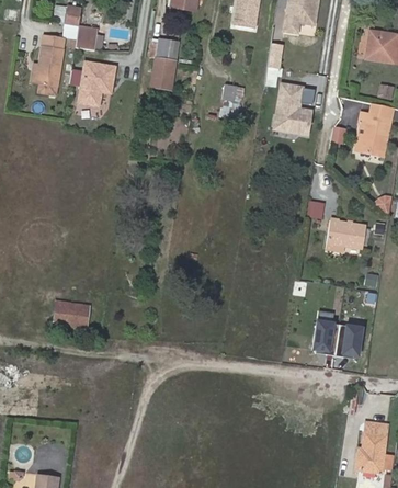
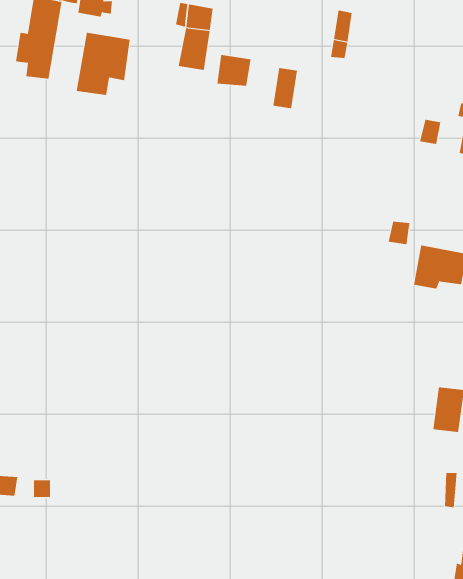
building: none -> [217,54,251,87]
building: [274,81,310,132] -> none
building: [54,302,90,328] -> none
building: [312,319,337,353] -> none

